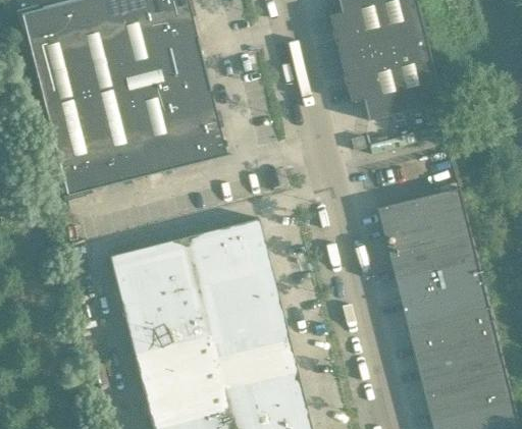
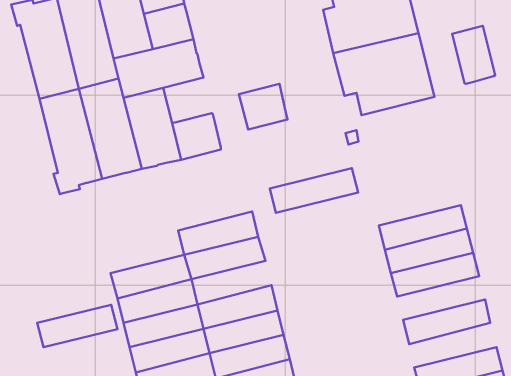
building: none -> [452,26,495,84]
building: [167,84,216,129] -> [239,84,288,130]
building: [378,187,467,232] -> [270,168,358,213]
building: [108,237,189,280] -> [37,305,117,347]
building: [196,268,276,312] -> none
building: [403,283,491,327] -> none
building: [415,330,503,375] -> none

